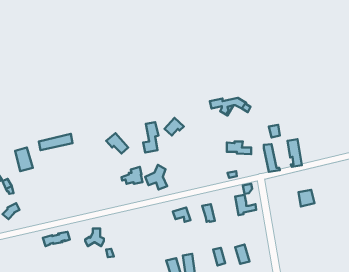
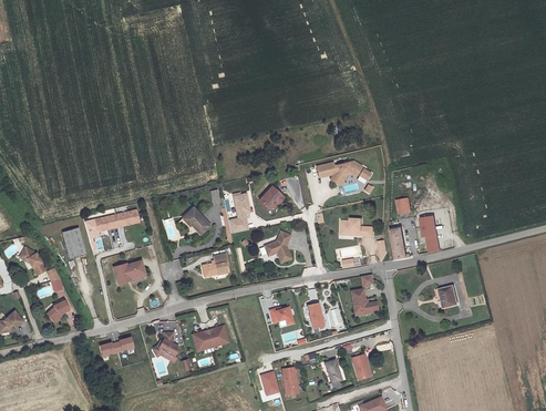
building: [145,165,167,189] -> [264,230,292,263]
building: none -> [113,261,146,284]
building: none -> [193,326,228,351]

